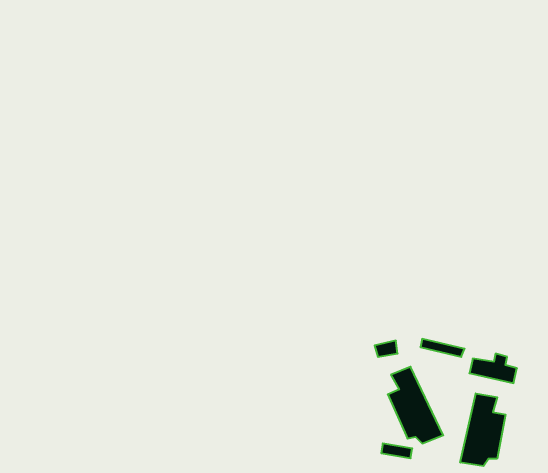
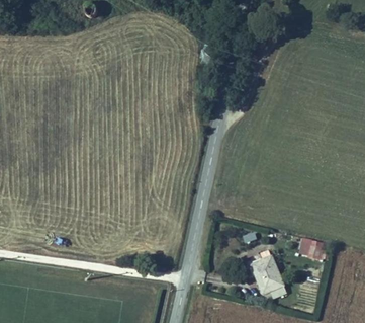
building: [460,393,506,466] -> none

